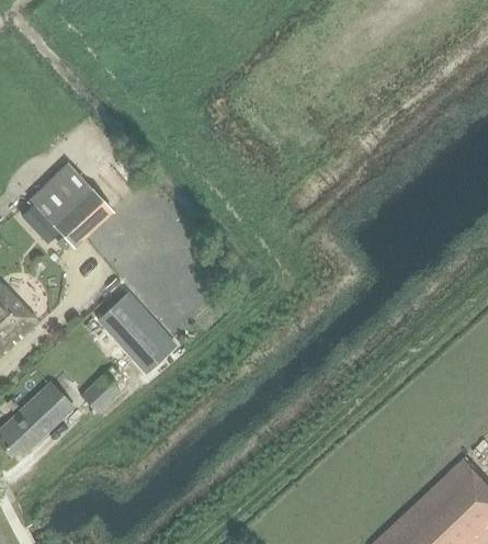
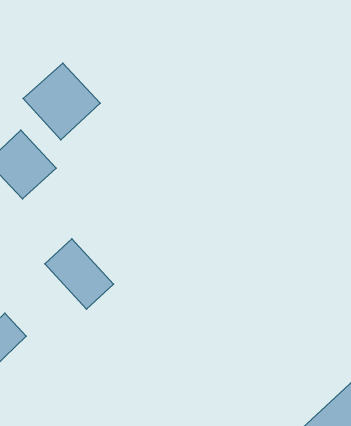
building: none -> [23,63,100,140]
building: [80,373,121,413] -> none

